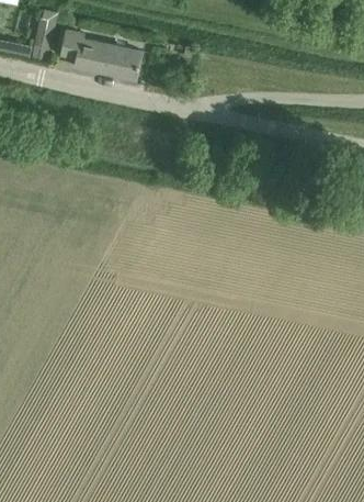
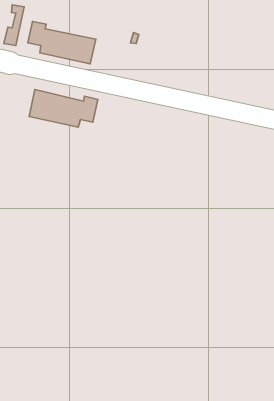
building: none -> [29,90,98,127]

